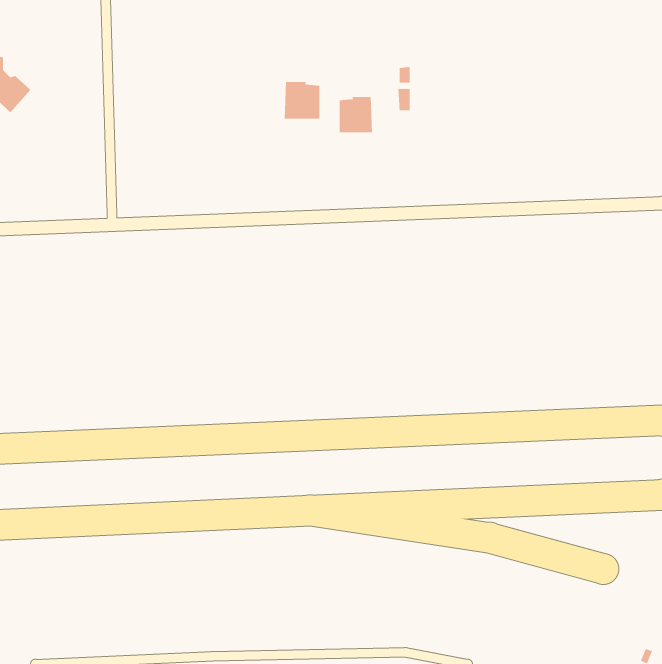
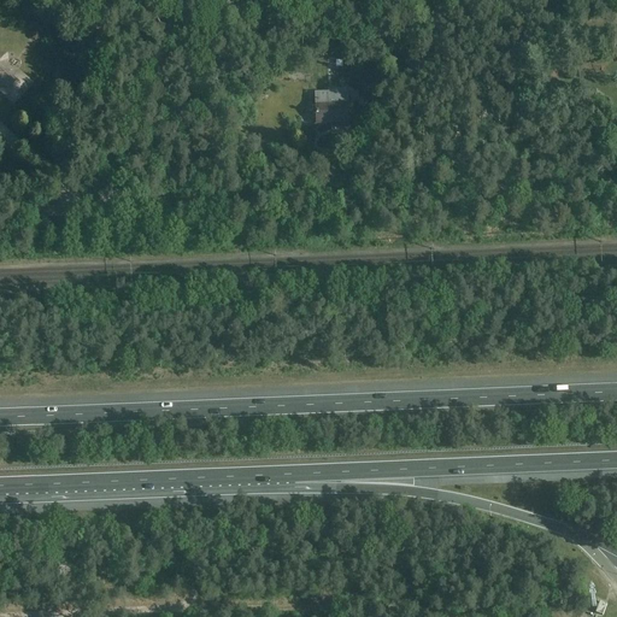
building: [284,81,320,120] -> none

